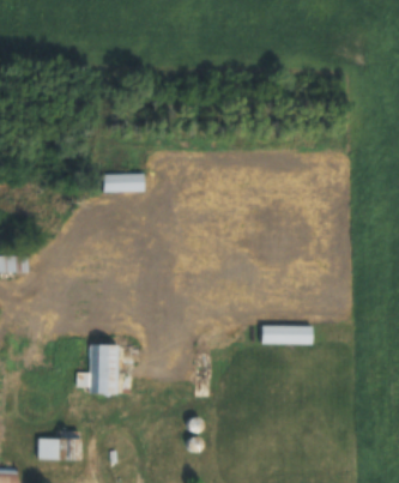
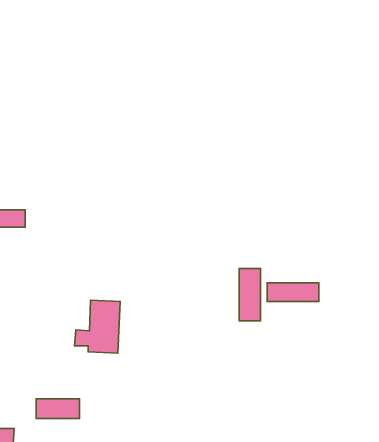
building: [102,174,145,193] -> none
building: none -> [239,269,260,321]

